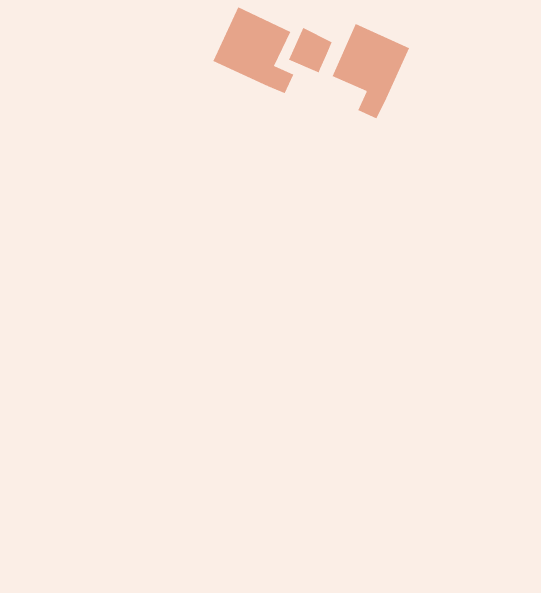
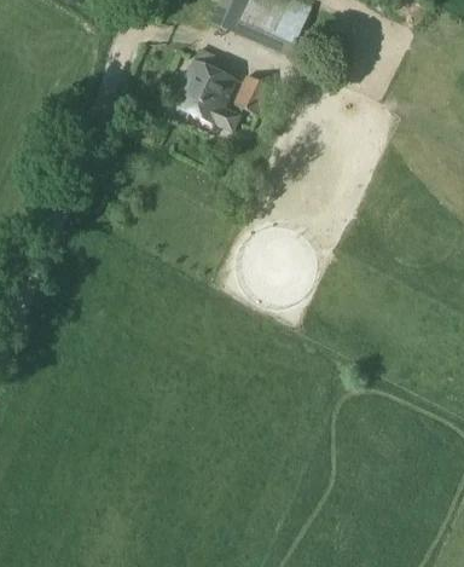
building: [332,23,410,119] -> none

